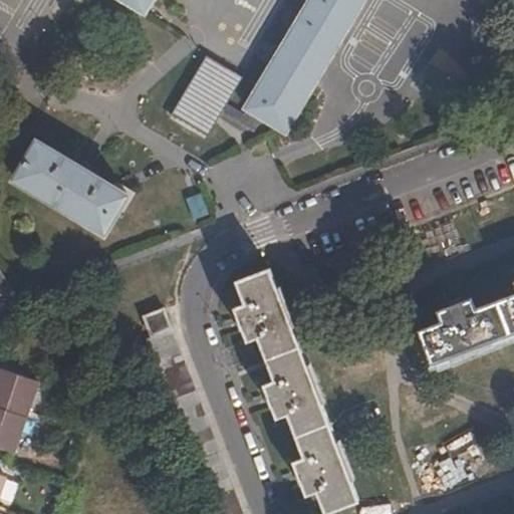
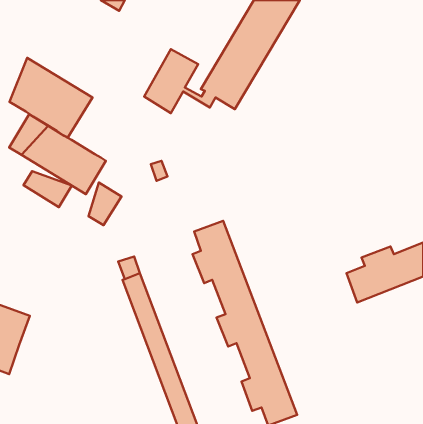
building: none -> [9,58,92,138]
building: none -> [24,171,72,207]
building: none -> [89,183,121,225]

